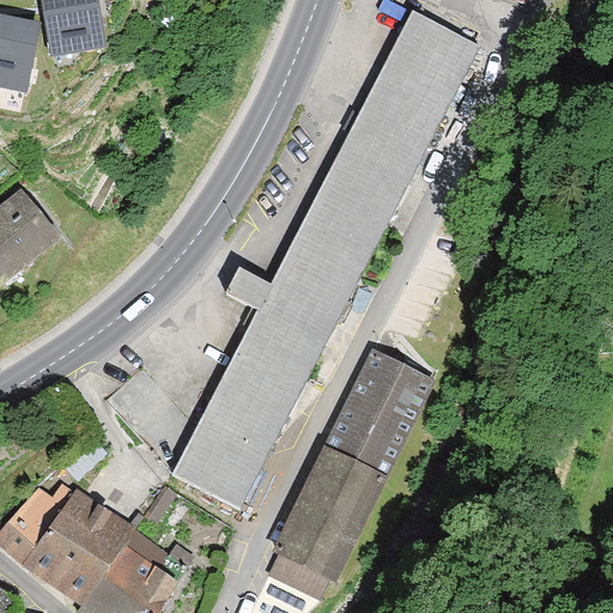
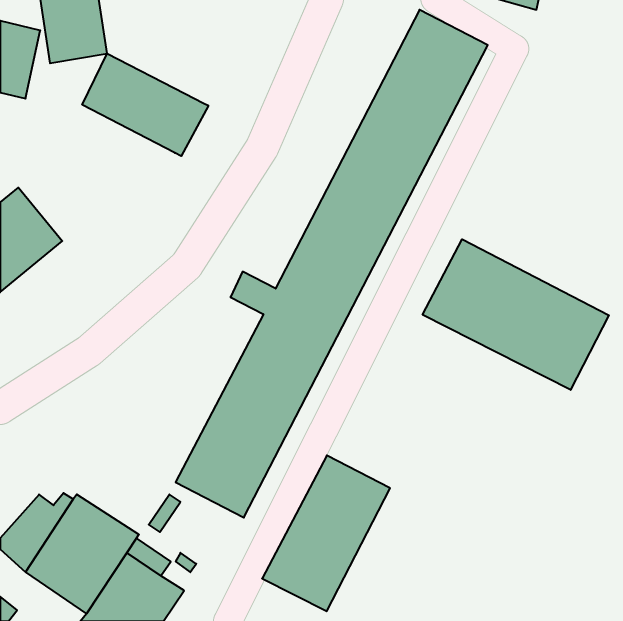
building: none -> [82,54,208,156]
building: none -> [423,239,609,390]
building: [321,348,435,480] -> none

